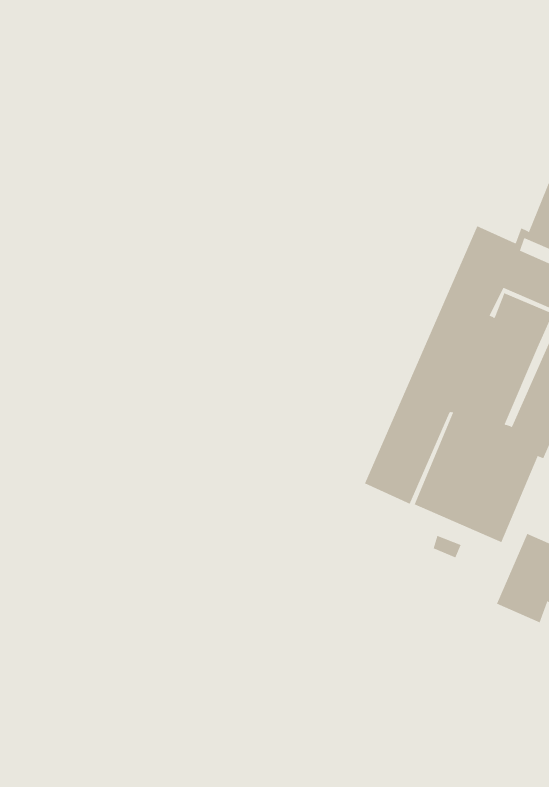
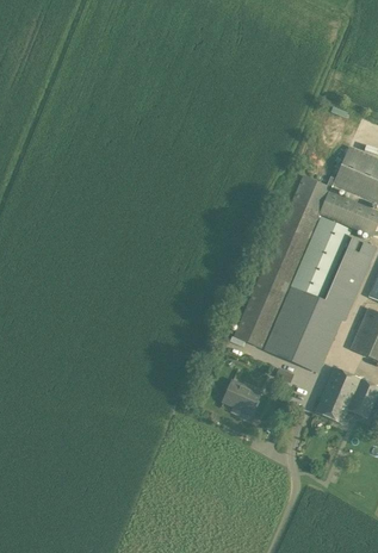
building: none -> [222,380,260,414]

